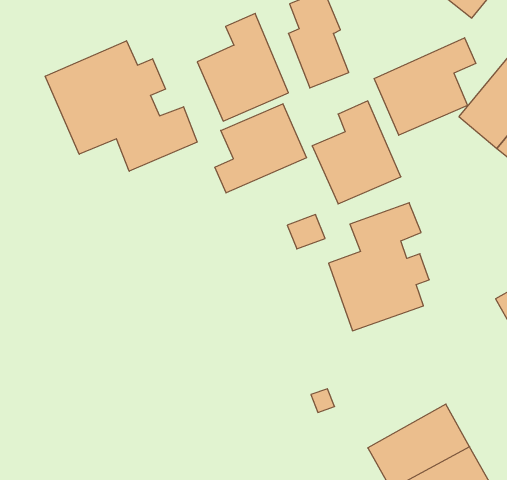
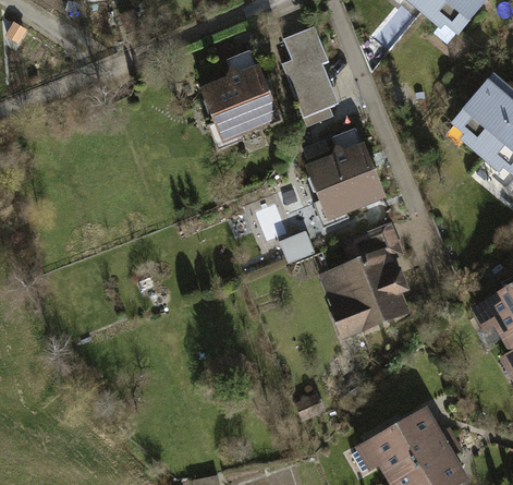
building: [374,38,476,135] -> none
building: [45,41,197,171] -> none
building: [215,104,307,193] -> none

